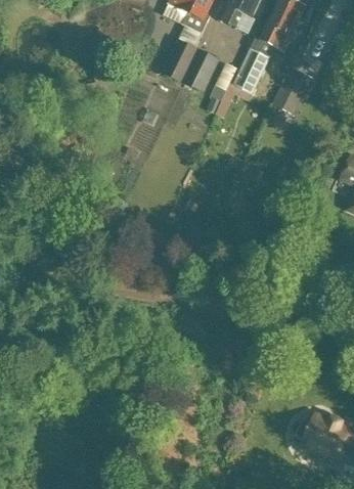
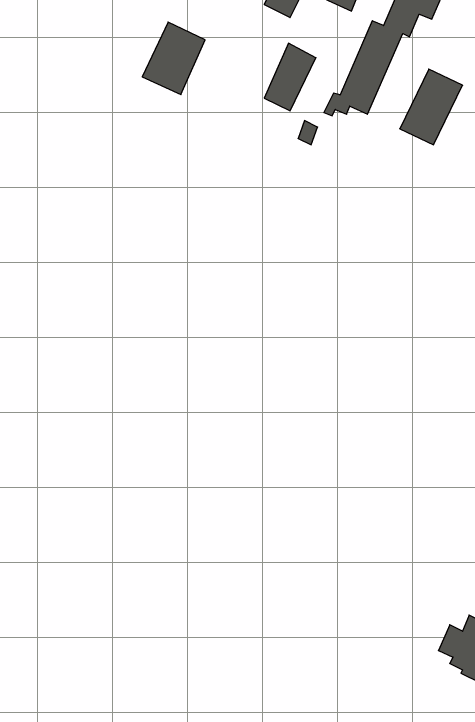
building: [163,38,203,84] -> [142,22,205,95]

